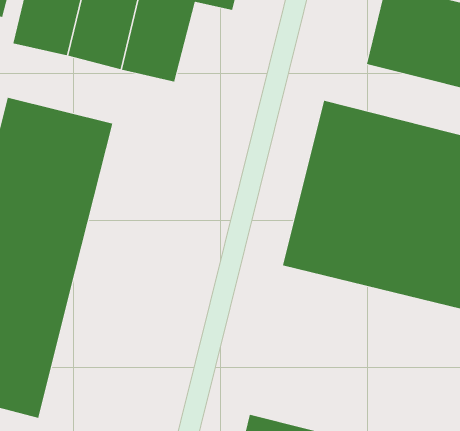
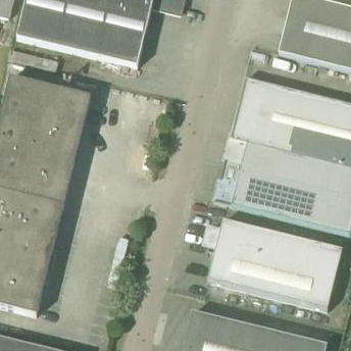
building: none -> [209,220,343,309]

